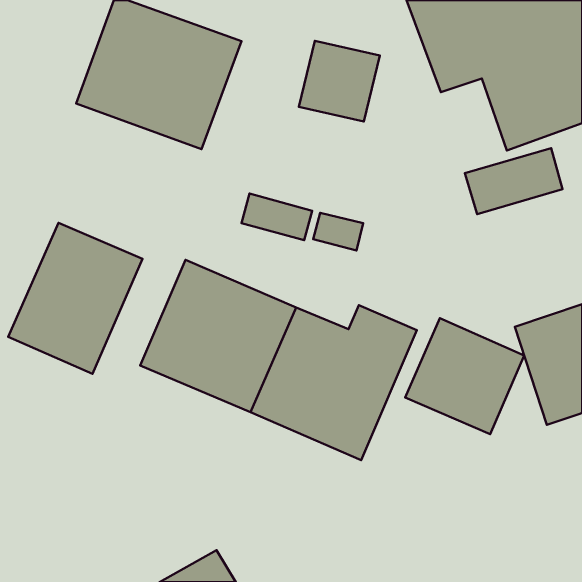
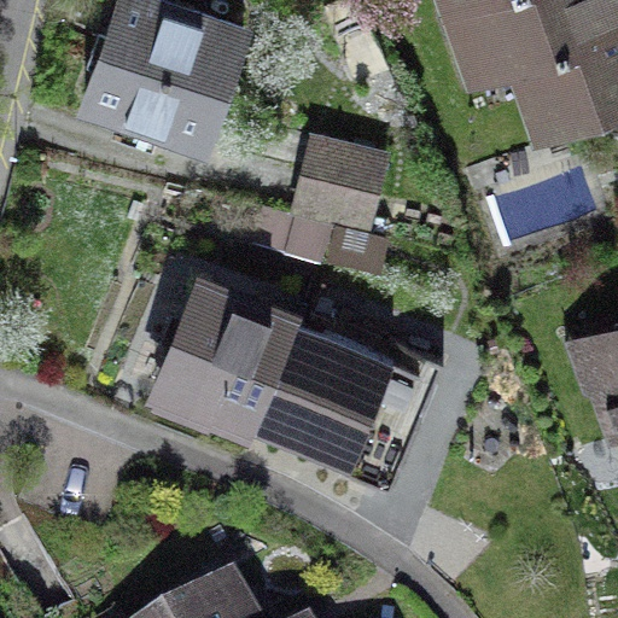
building: [299,41,380,122] -> [296,134,381,220]
building: [8,223,142,374] -> none
building: [405,318,524,434] -> none

